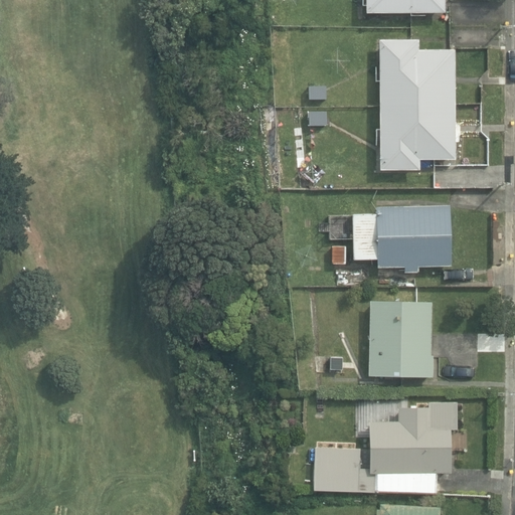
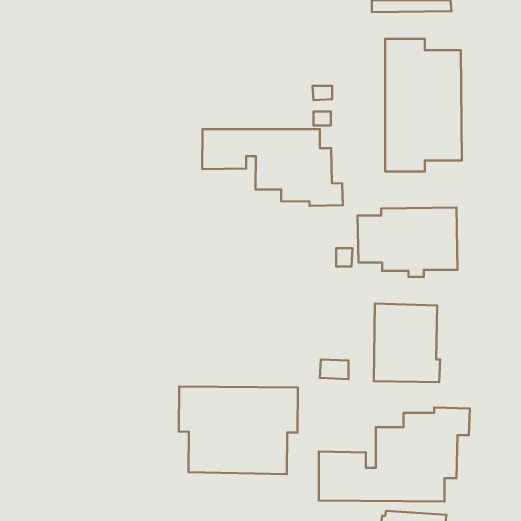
building: none -> [202,129,343,206]
building: none -> [179,387,298,474]

